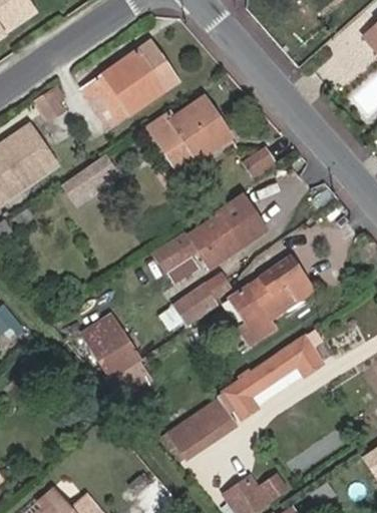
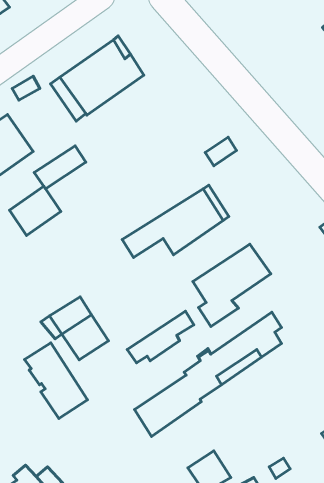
building: [145,96,232,173] -> none
building: none -> [9,186,61,236]
building: [159,274,230,328] -> [127,311,194,363]
building: none -> [25,343,88,419]

